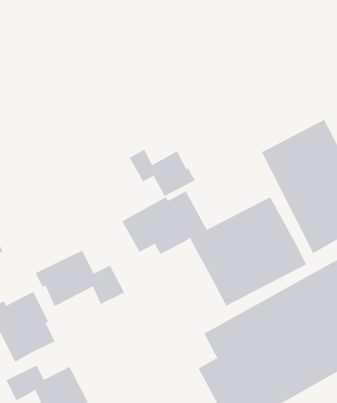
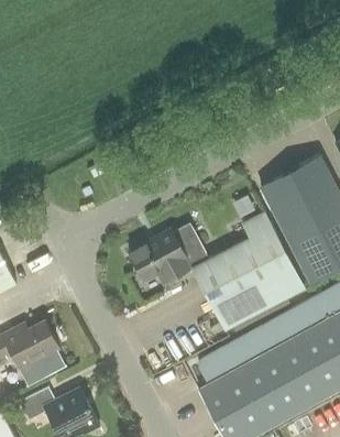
building: [129,149,195,197] -> none
building: [35,250,125,307] -> none

